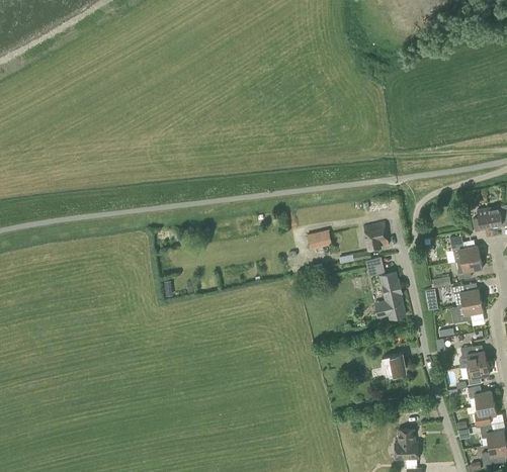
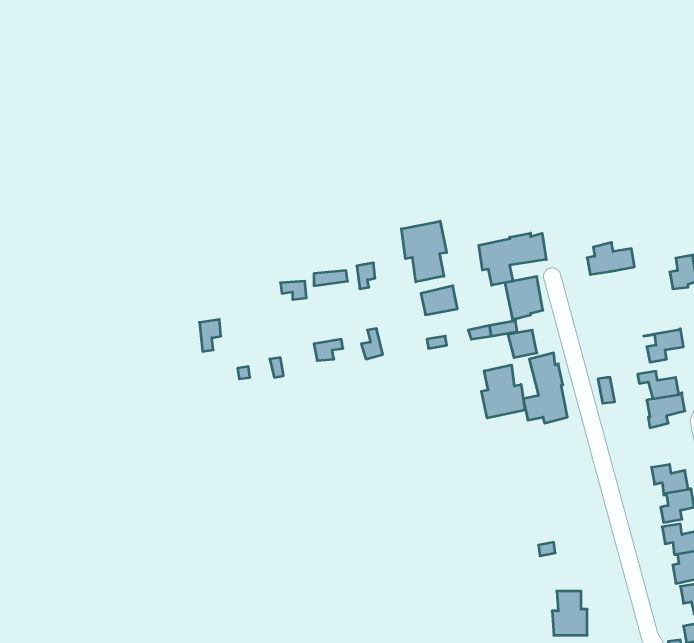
building: none -> [401,221,447,282]
building: none -> [479,233,546,285]
building: [446,241,478,262] -> [587,242,634,275]
building: none -> [481,365,525,418]
building: [383,353,407,376] -> none

